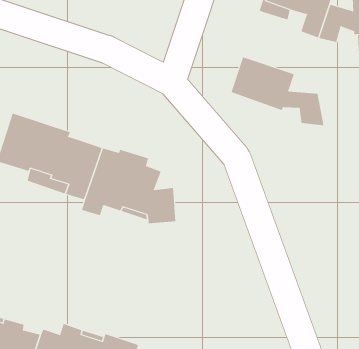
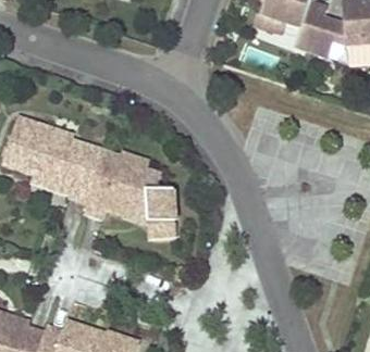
building: [231,57,324,126] -> none

